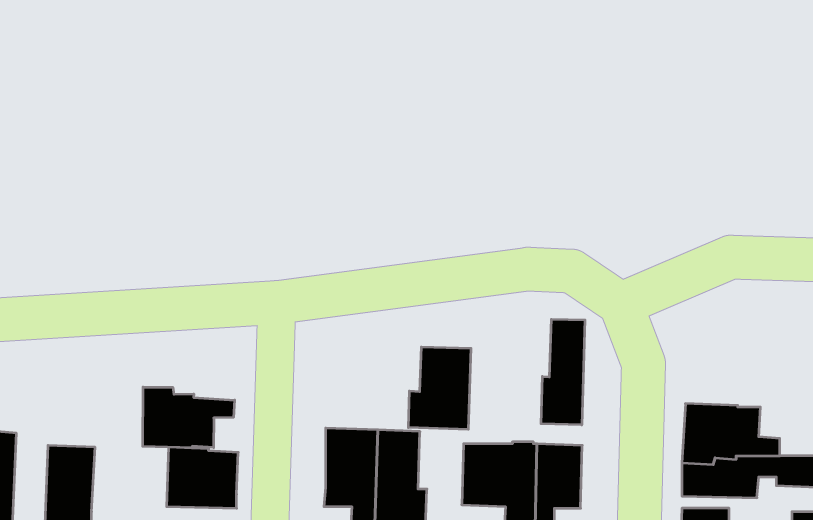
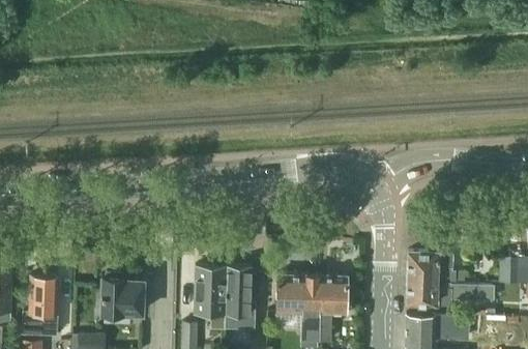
building: [541,319,585,425] -> none
building: [408,347,471,429] -> none
building: [143,387,235,448] -> none

